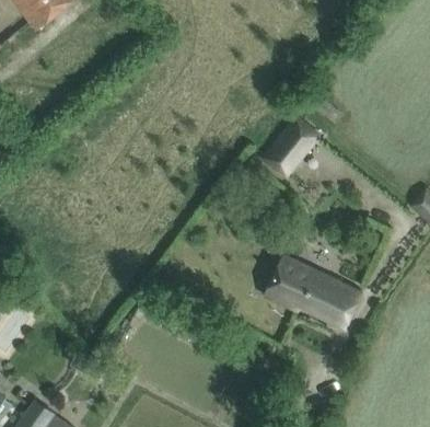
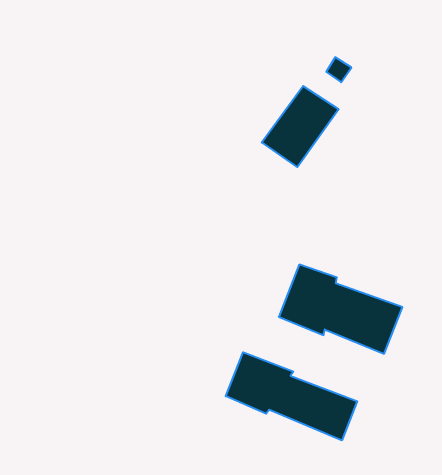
building: none -> [226,352,357,440]

